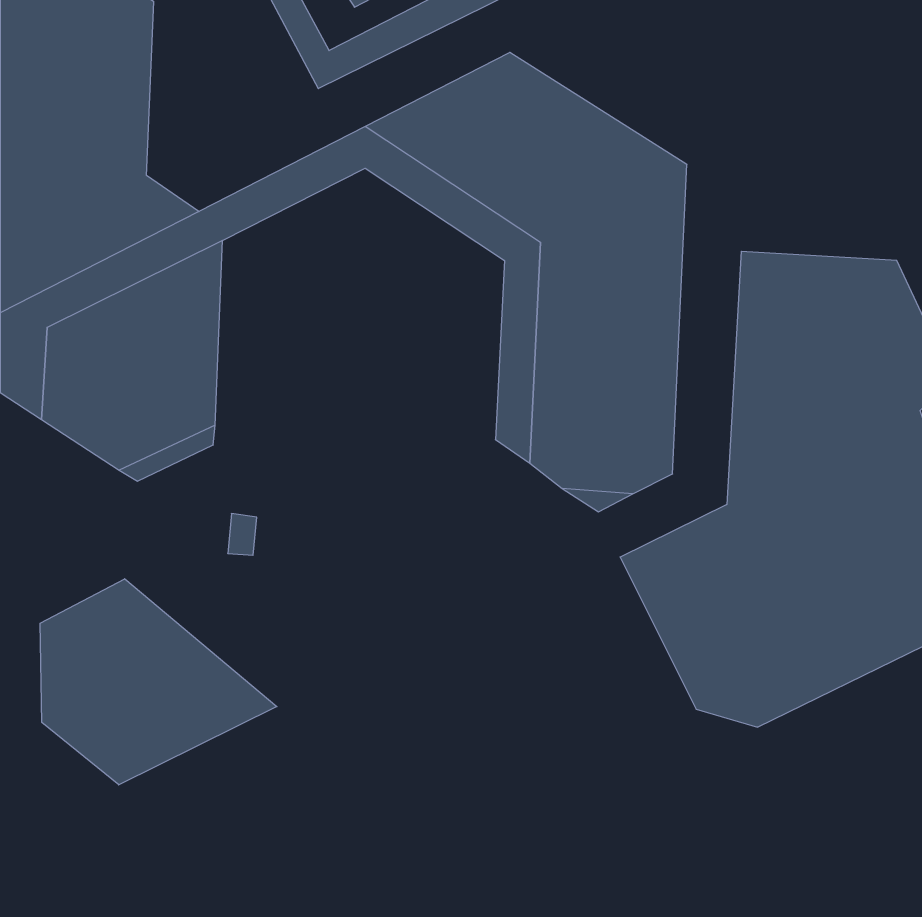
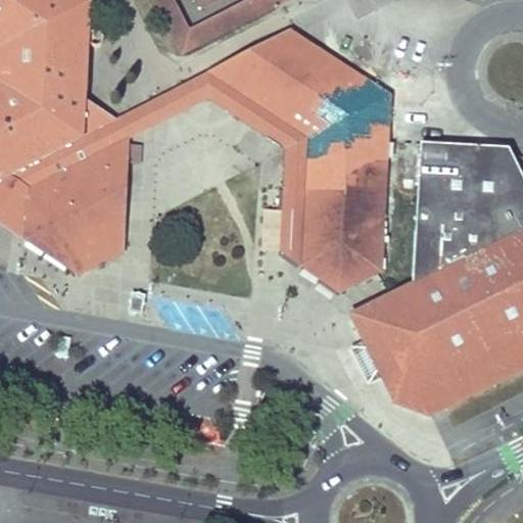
building: [40,579,277,785] -> none

